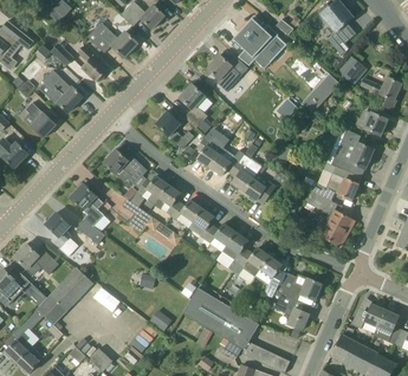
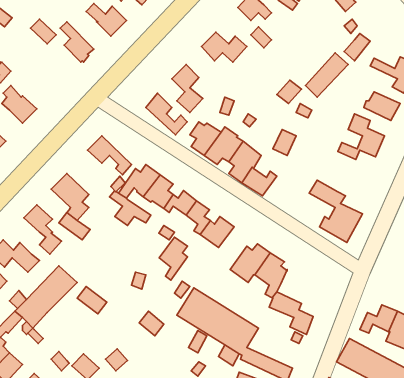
building: [41,70,82,112] -> none
building: [311,173,357,200] -> none
building: [221,232,247,271] -> [159,237,188,280]
building: [274,271,320,302] -> none

